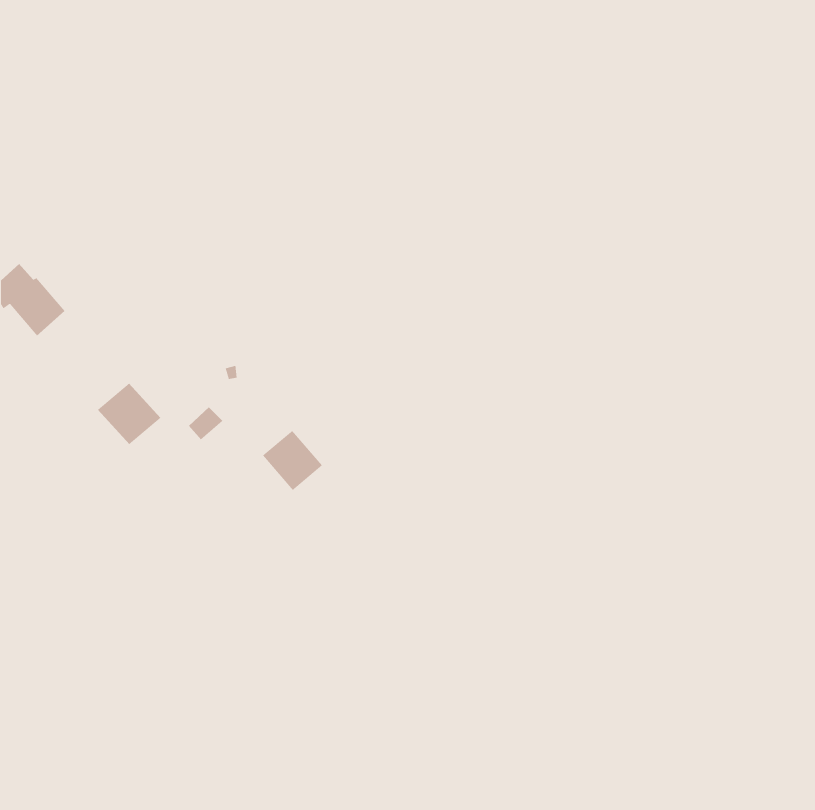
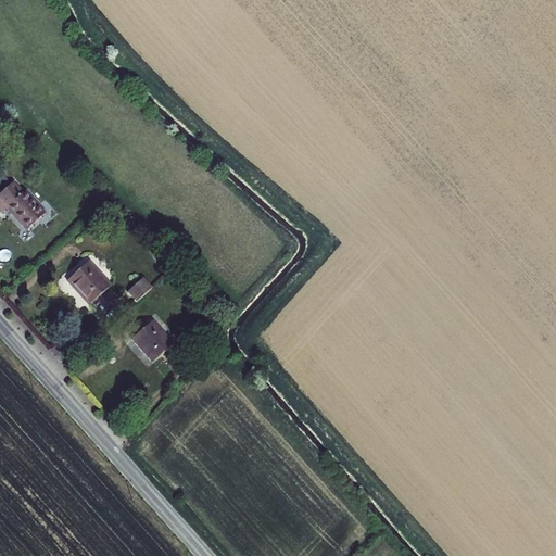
building: [262,430,323,491] -> [131,319,173,361]

